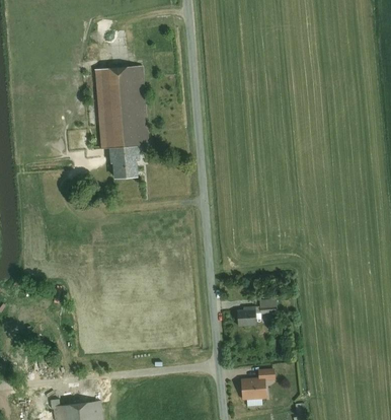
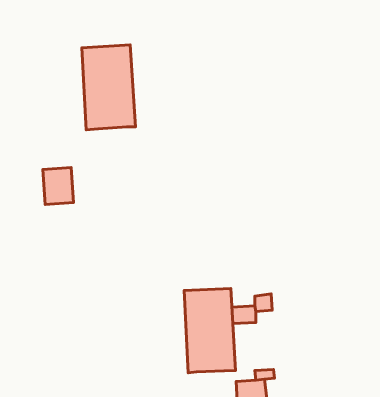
building: [112,143,141,178] -> [43,167,74,205]
building: none -> [184,288,236,373]

